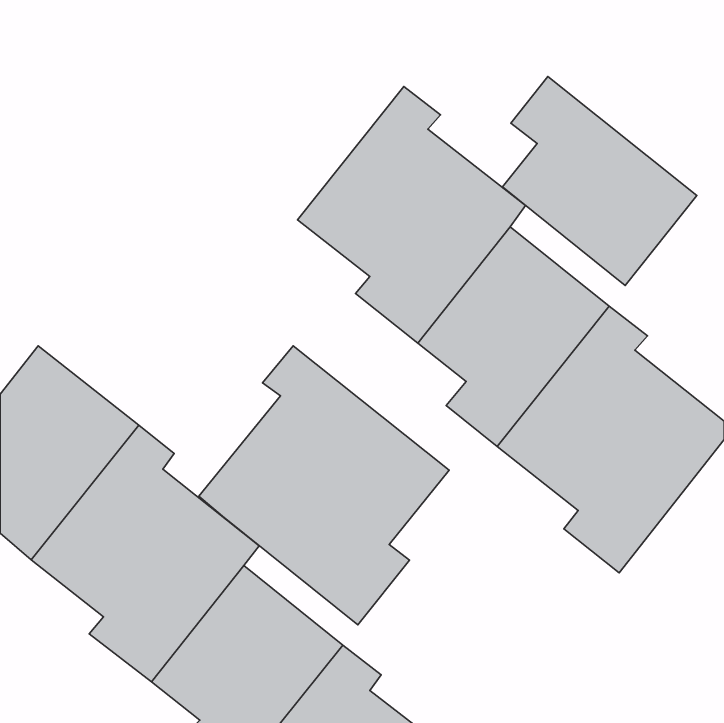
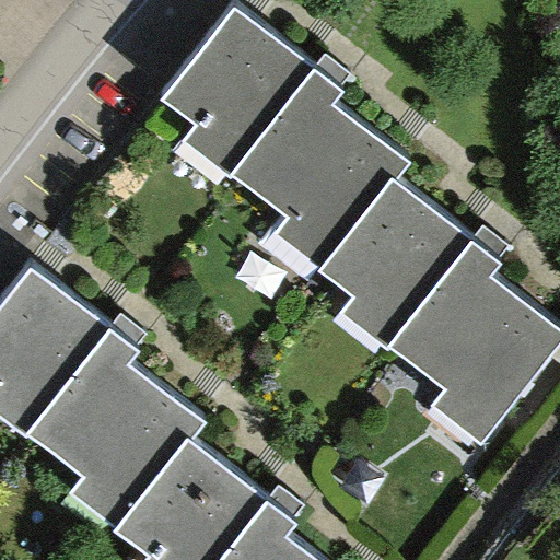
building: none -> [161,7,312,171]
building: [502,77,697,286] -> none
building: [199,346,449,625] -> none

